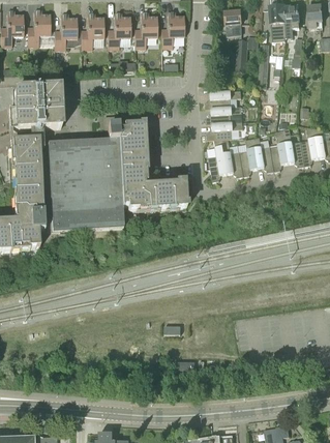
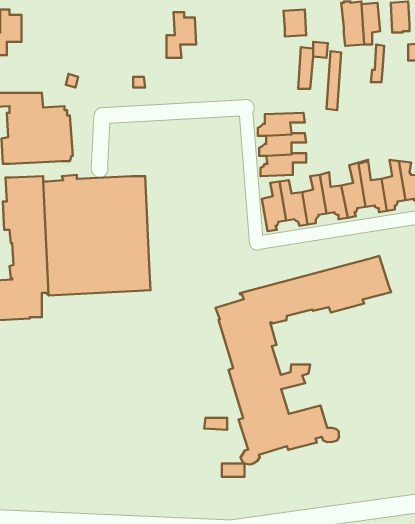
building: [28,9,51,45] -> none
building: [161,10,184,47] -> none
building: [109,11,131,48] -> none
building: [55,12,78,49] -> none
building: [82,12,104,48] -> none
building: [106,115,187,209] -> none
building: none -> [216,256,391,465]

